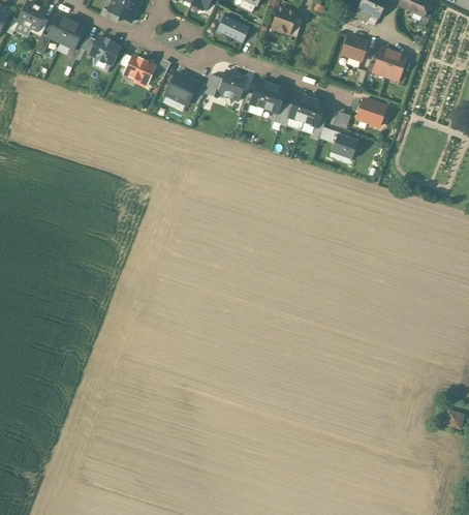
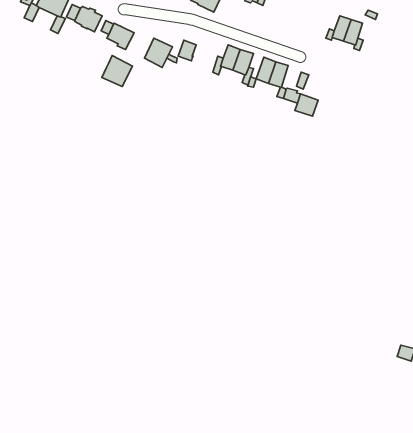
building: [342,35,368,61] -> none
building: [219,71,246,100] -> none
building: none -> [102,55,133,87]
building: [356,99,385,126] -> none

